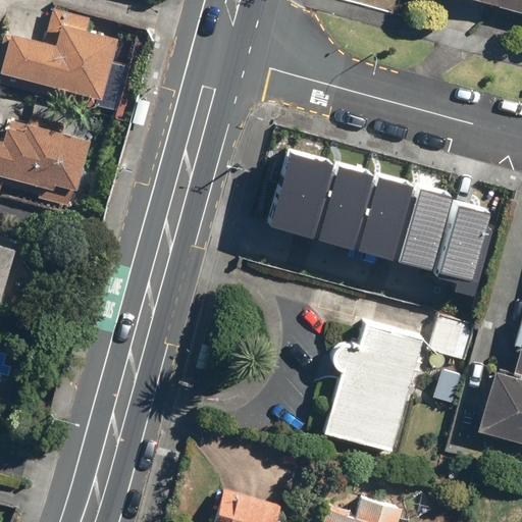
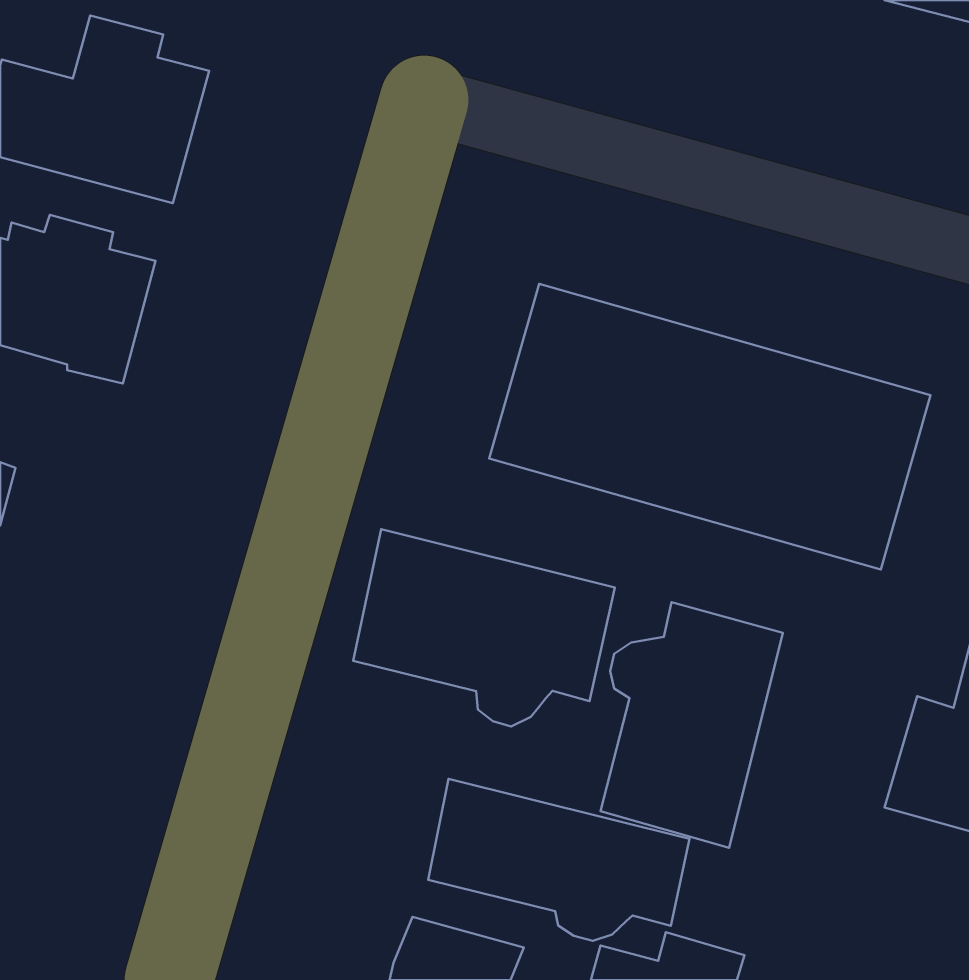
building: none -> [353,529,615,726]
building: none -> [428,779,689,941]

